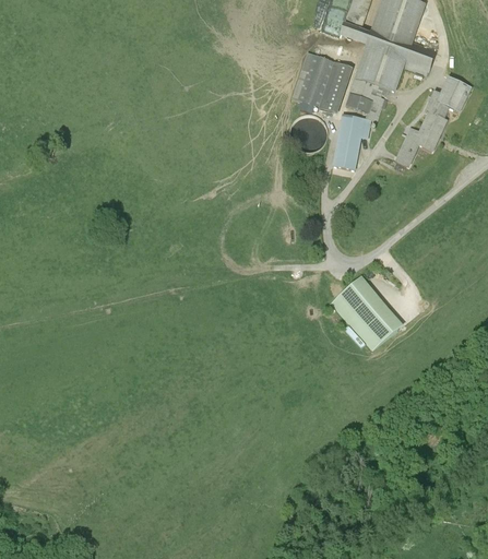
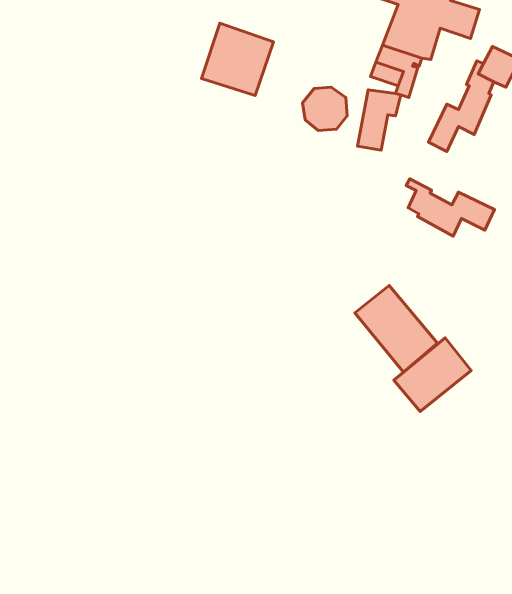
building: [291,52,352,112] -> [201,23,274,96]
building: none -> [406,179,495,236]
building: none -> [394,338,471,412]

